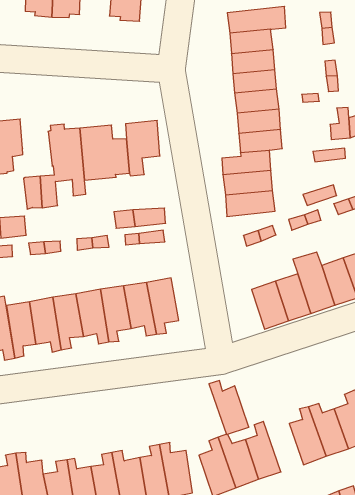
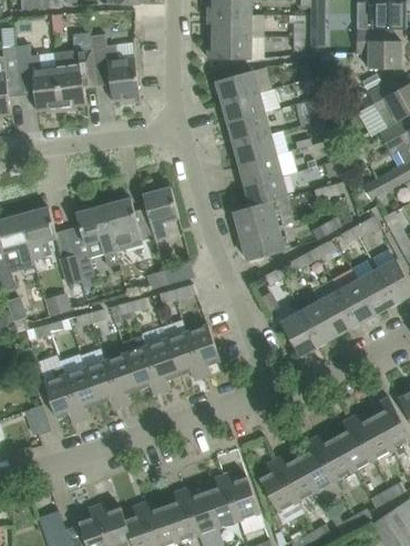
building: [209,381,249,434] -> [311,434,353,481]

